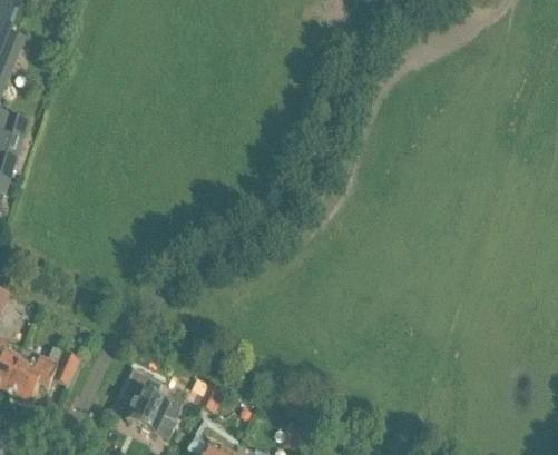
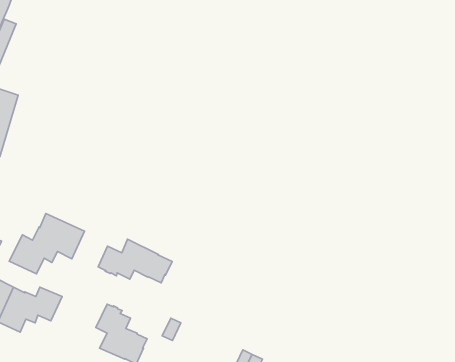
building: none -> [9,213,84,274]
building: none -> [98,239,172,283]

